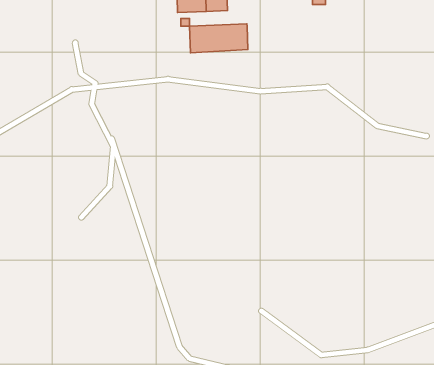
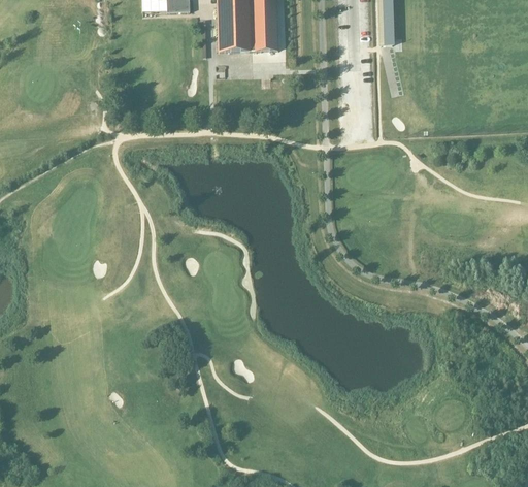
building: [190,24,248,53] -> none

